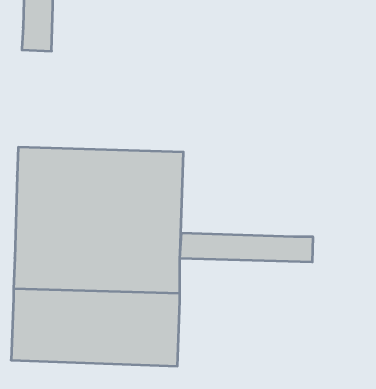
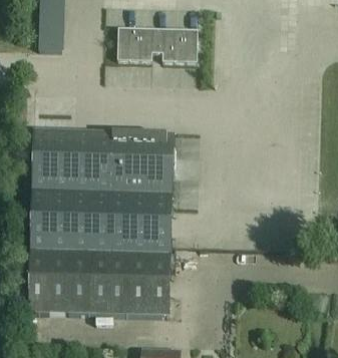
building: none -> [116,27,197,61]
building: [180,233,313,262] -> none

